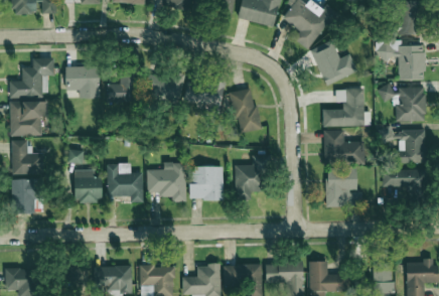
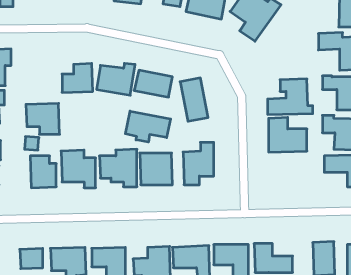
building: [310,40,357,86] -> none
building: [64,65,100,98] -> [26,103,60,134]
building: none -> [125,111,171,142]
building: [324,167,361,207] -> none

